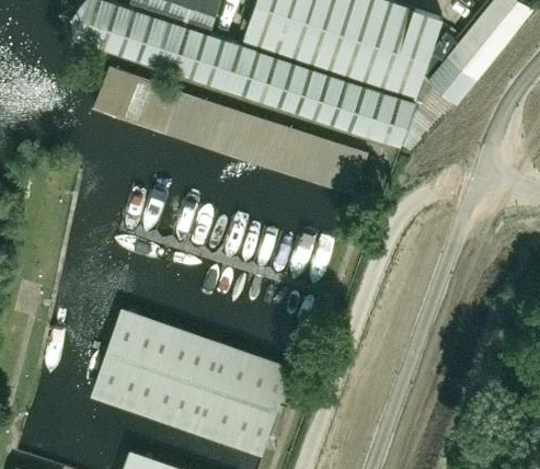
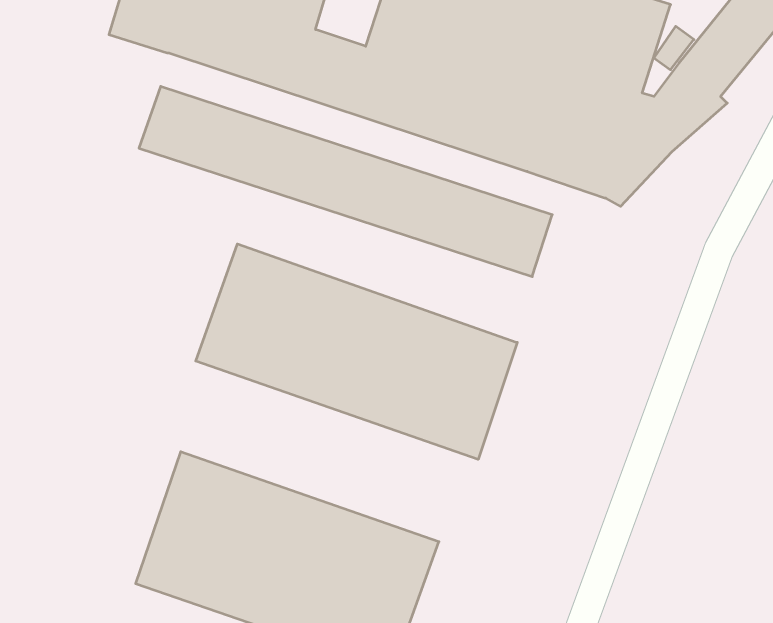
building: none -> [196,244,517,459]

